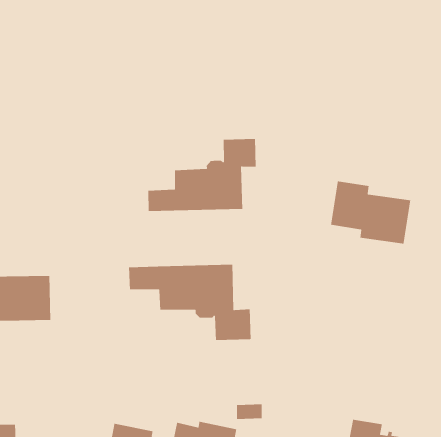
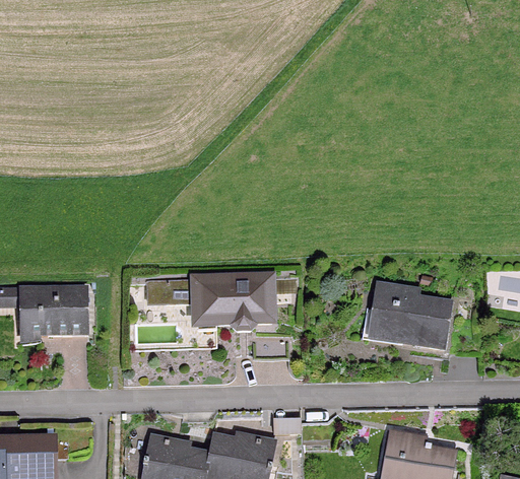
building: [148,138,257,212] -> none
building: [330,181,411,244] -> [370,283,451,347]

